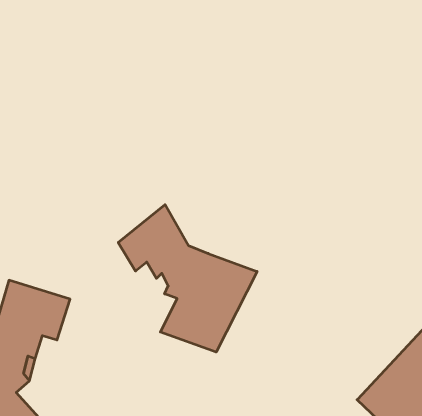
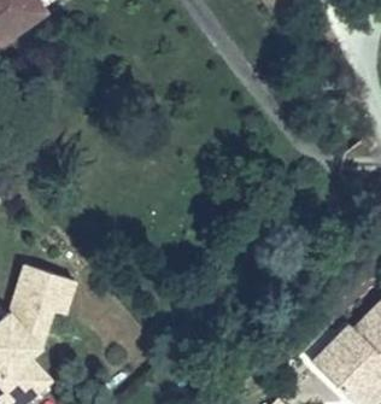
building: [118,205,257,352] -> none

